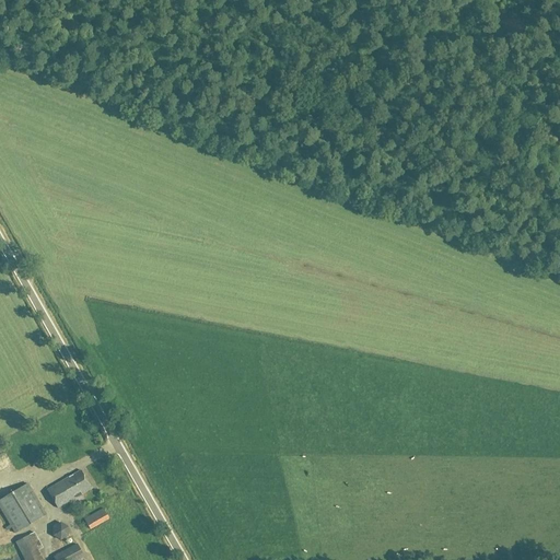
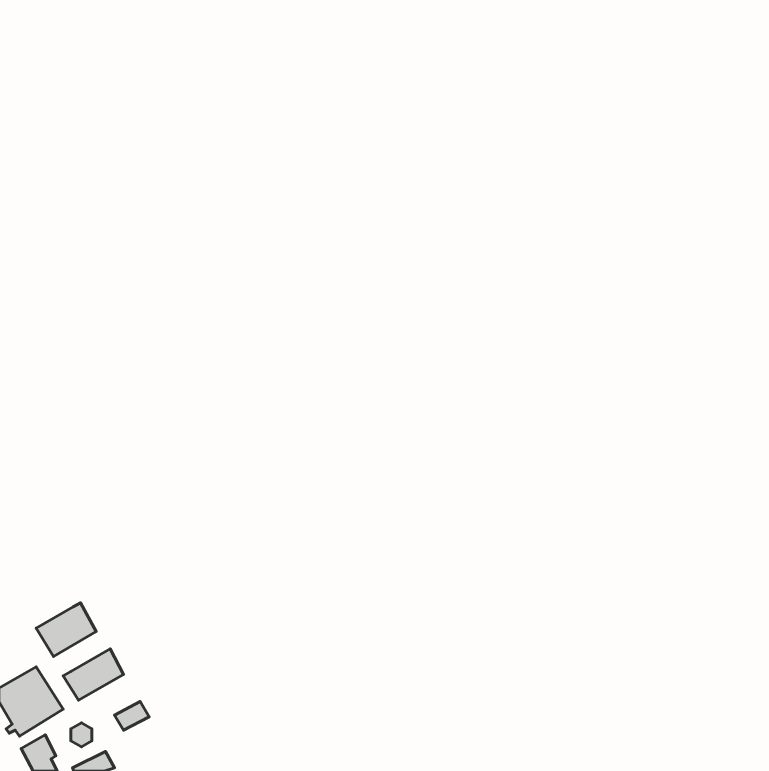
building: none -> [36,603,96,657]

